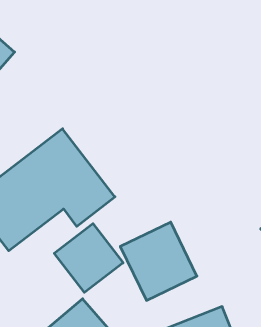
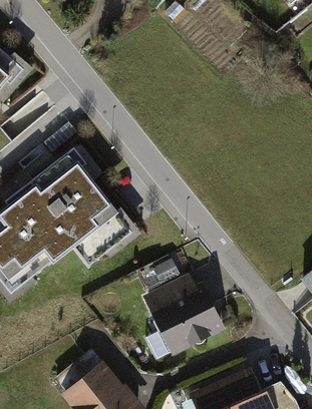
building: [54,224,123,292] -> none

